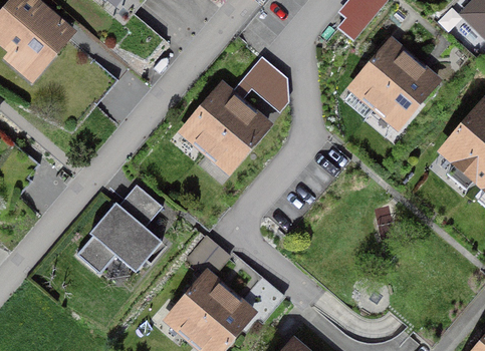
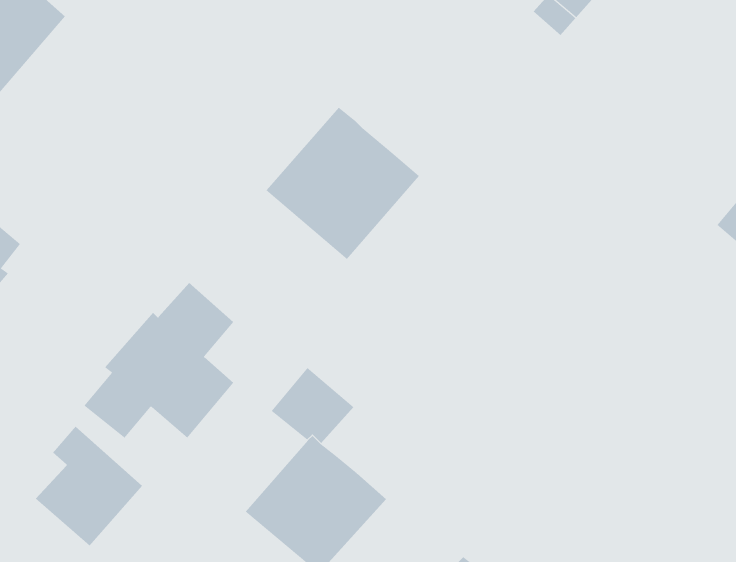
building: [346,35,443,131] -> none
building: [234,55,290,112] -> none
building: none -> [35,426,143,547]

